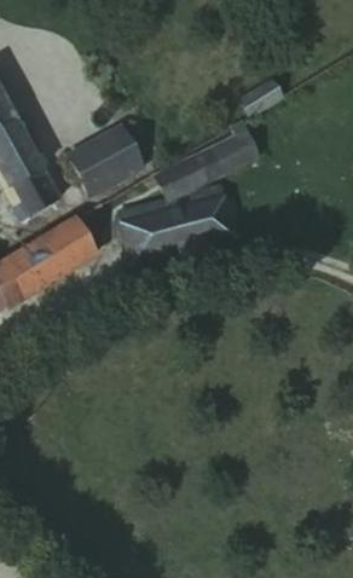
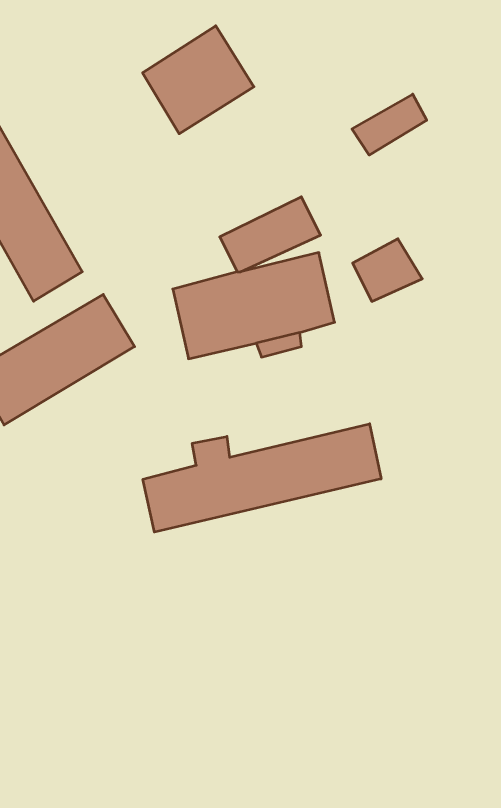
building: [68,120,145,195] -> [143,26,254,134]
building: [212,129,260,173] -> [353,239,422,301]
building: none -> [143,424,381,532]

